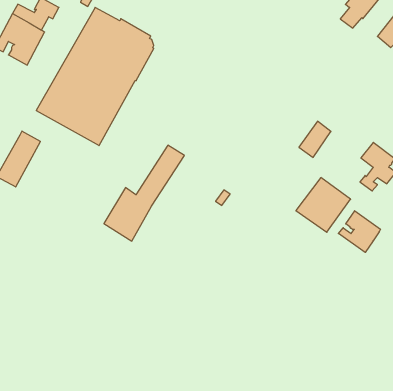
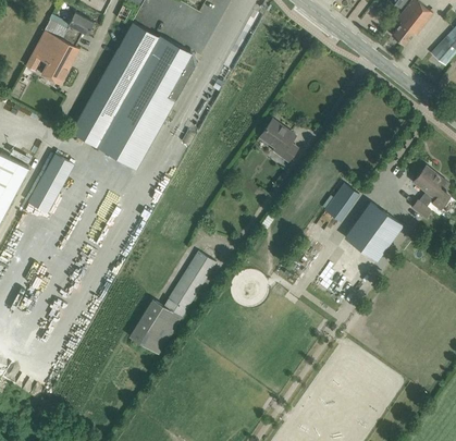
building: none -> [259,119,297,161]
building: [299,121,331,157] -> [324,183,358,221]
building: [104,145,184,241] -> [130,253,214,354]
building: [338,211,380,252] -> none

